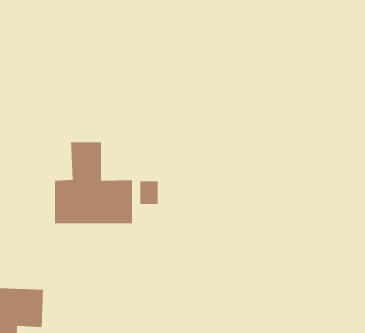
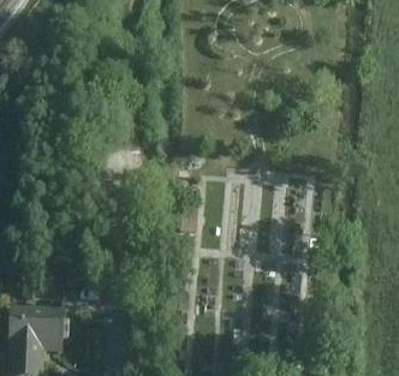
building: [55,142,132,224] -> none

